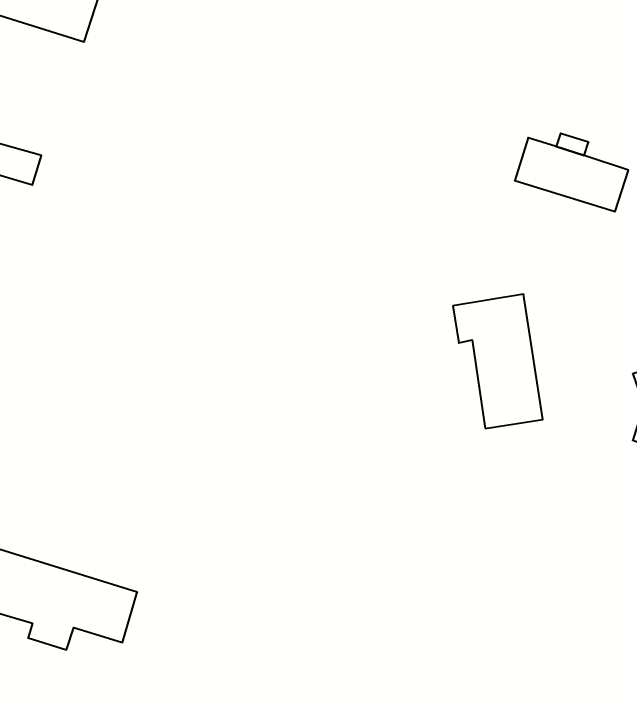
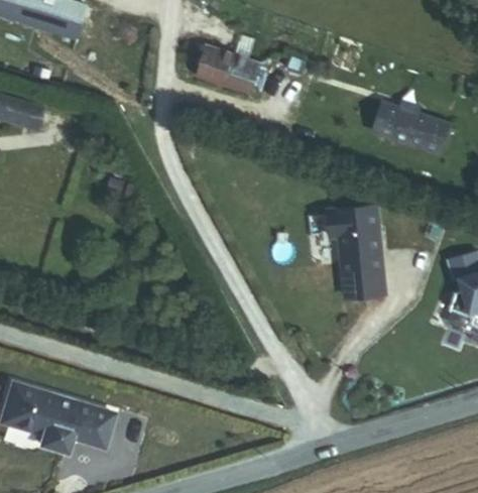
building: none -> [196,44,259,92]

